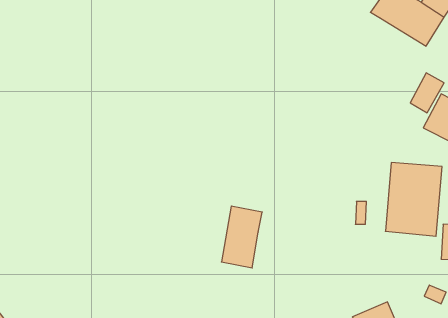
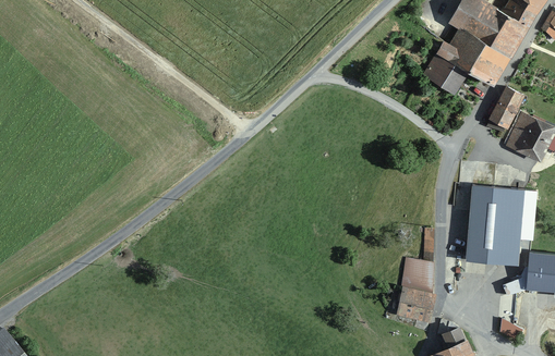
building: none -> [423,26,507,95]
building: [221,206,262,268] -> [398,257,443,324]

